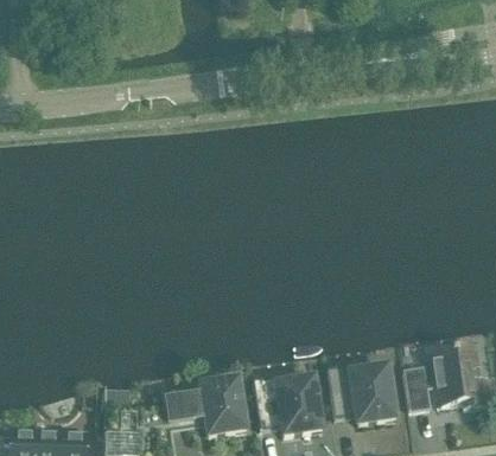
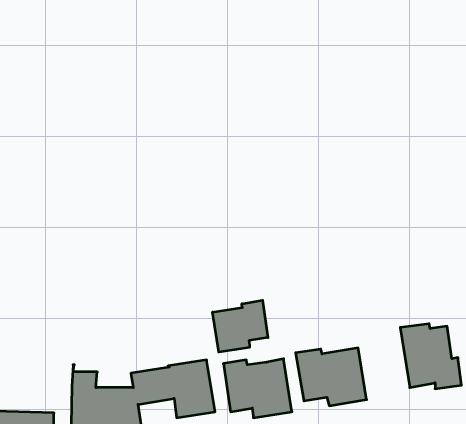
building: none -> [213,300,268,352]
building: [405,366,432,409] -> none

